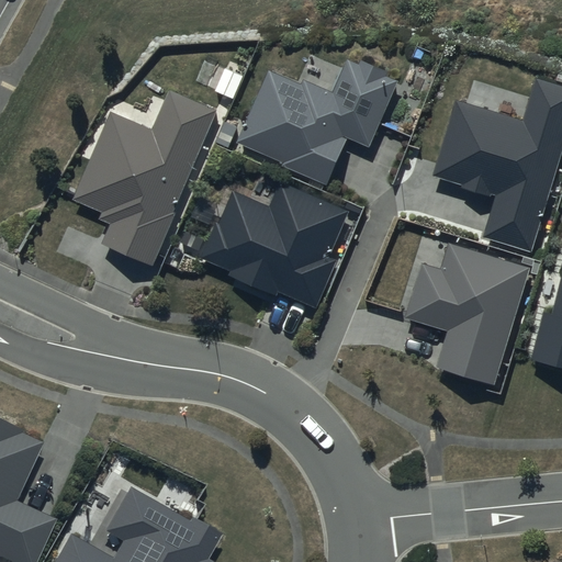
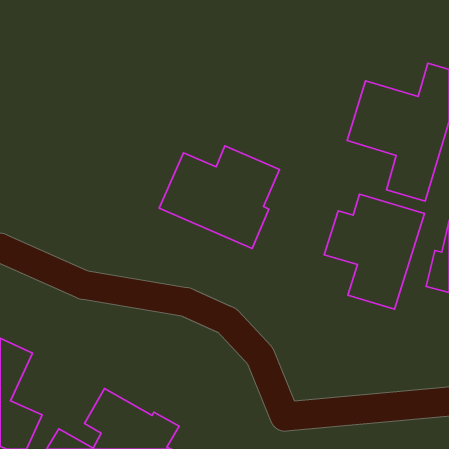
building: [237,59,397,186] -> none
building: [72,90,216,265] -> none

